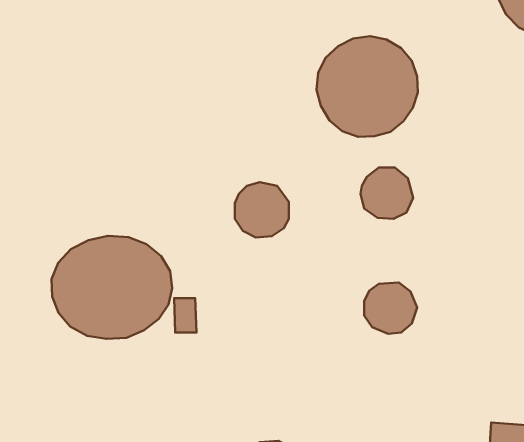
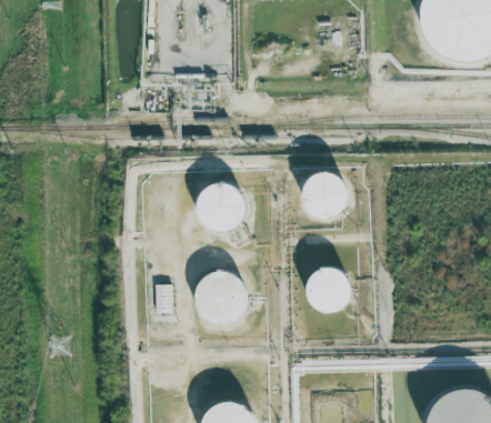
building: [316,36,418,137] -> none
building: [52,236,172,339] -> none
building: none -> [198,269,252,322]

